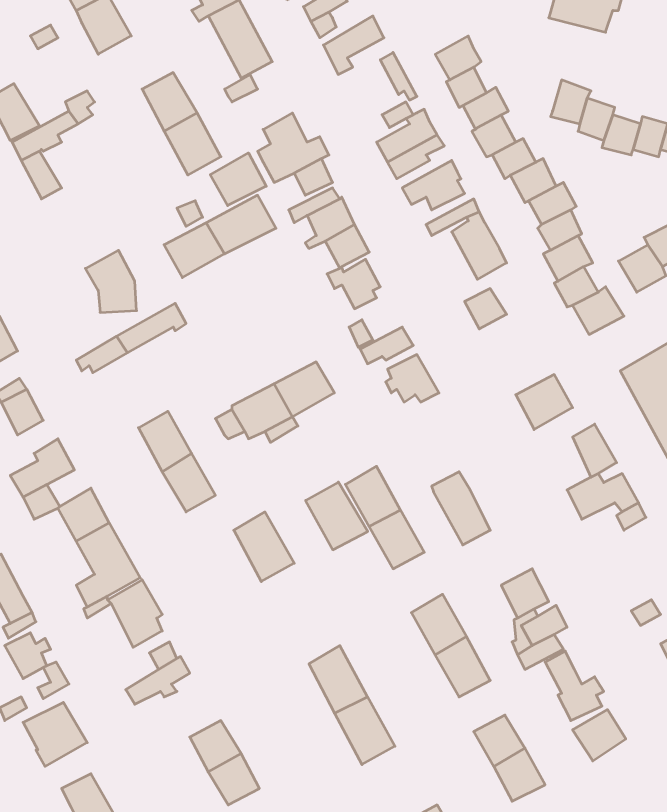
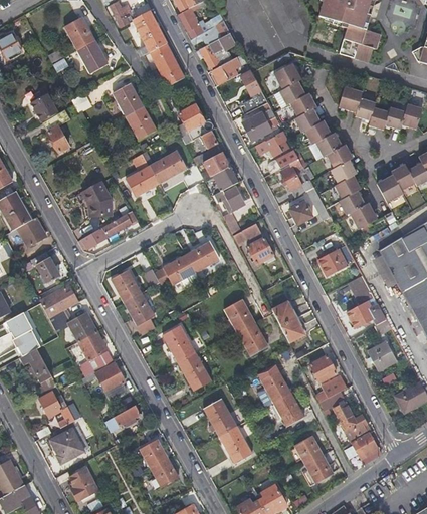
building: [210,153,266,206] -> none
building: [306,482,368,550] -> [179,352,213,390]
building: none -> [369,340,395,369]

